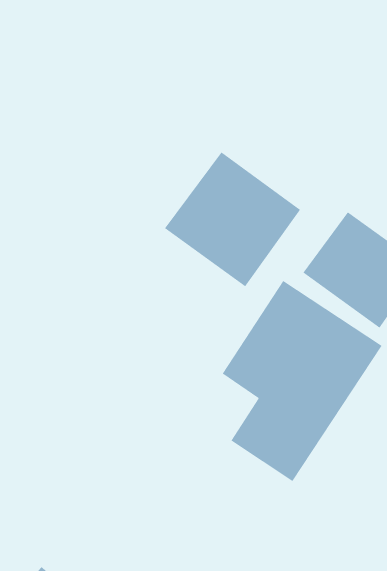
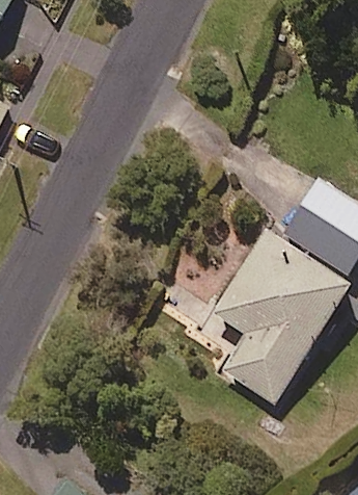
building: [164,152,301,287] -> none

